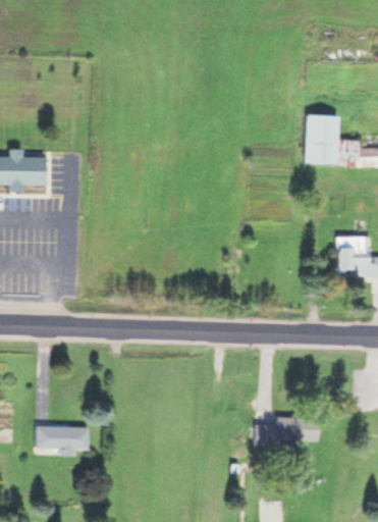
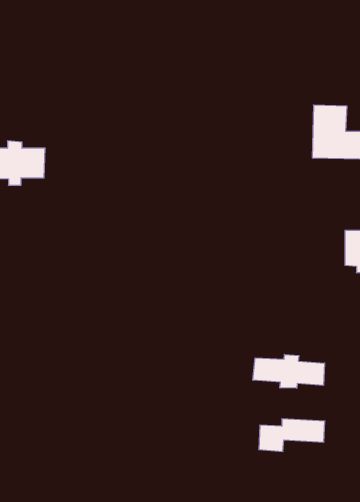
building: none -> [253,354,325,388]
building: [36,426,90,456] -> none

